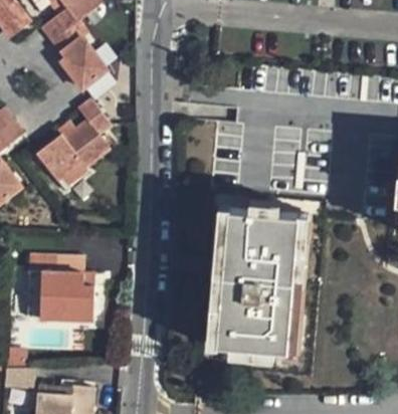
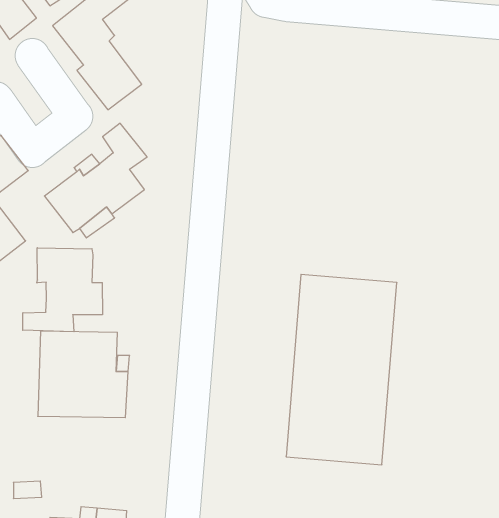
building: none -> [23,248,102,332]

